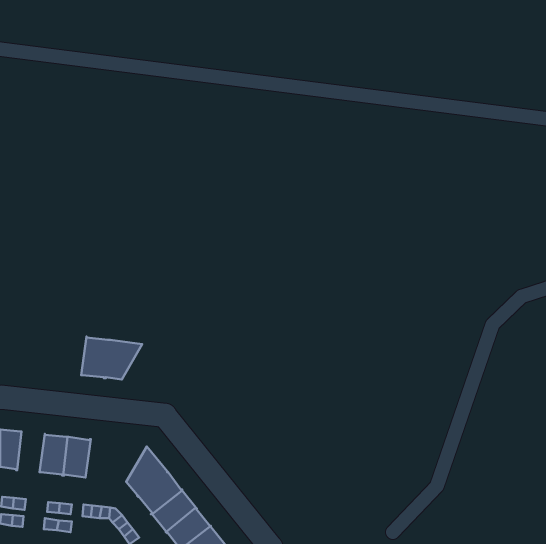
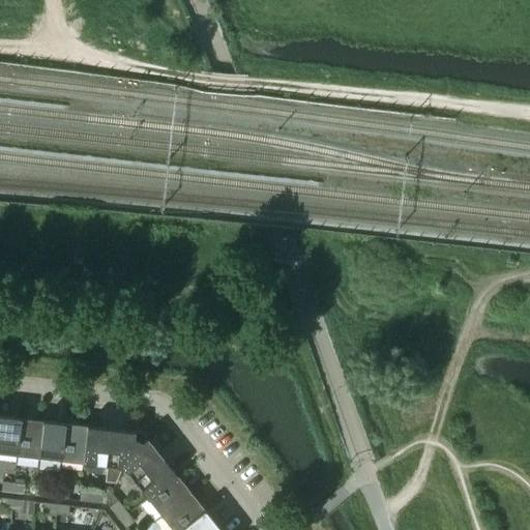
building: [81,337,142,379] -> [84,428,143,469]
building: none -> [18,420,45,460]

